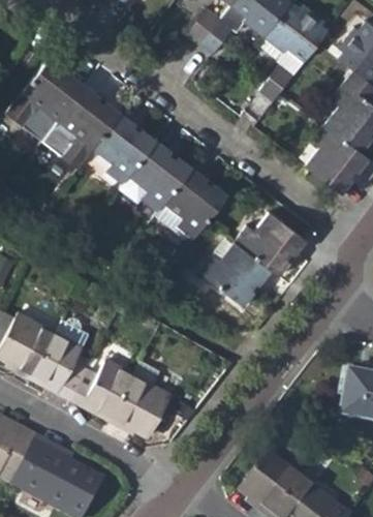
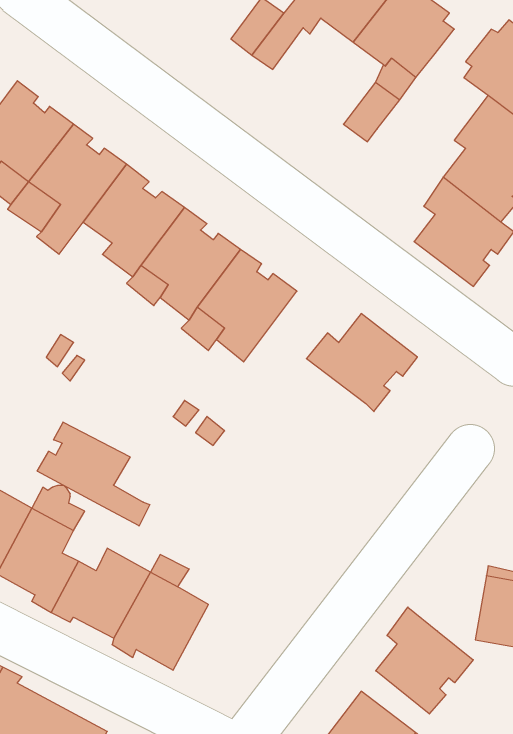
building: [198,238,273,304] -> none
building: none -> [37,422,150,526]
building: none -> [376,607,473,714]

